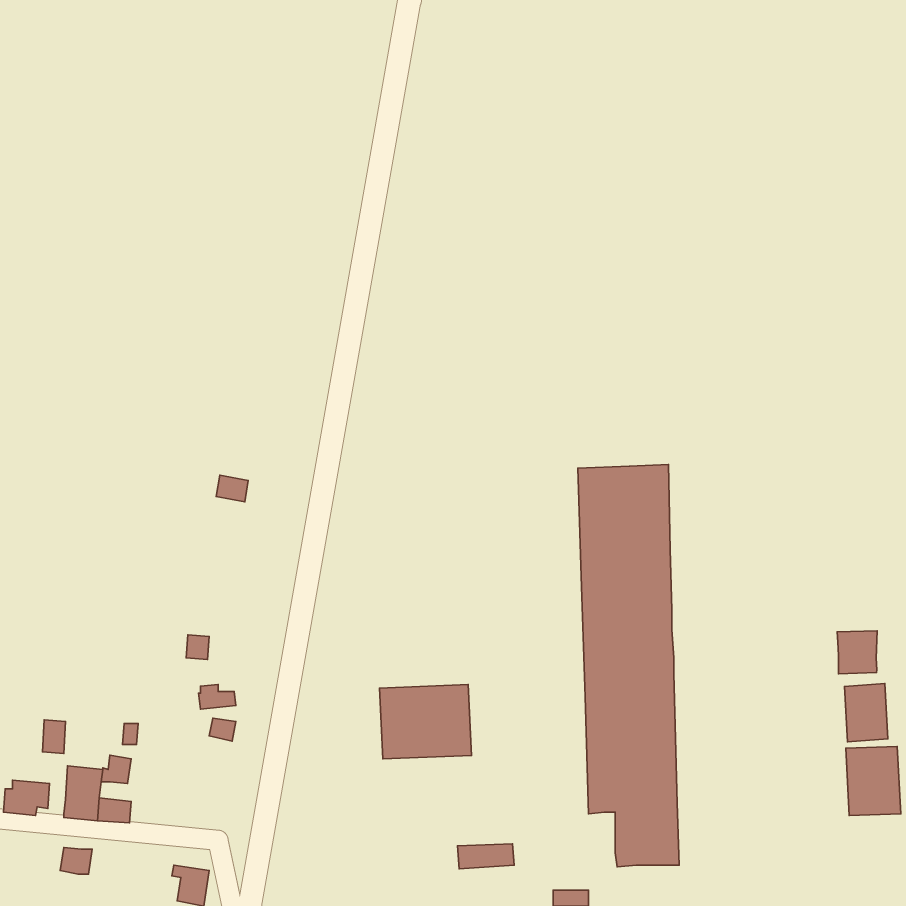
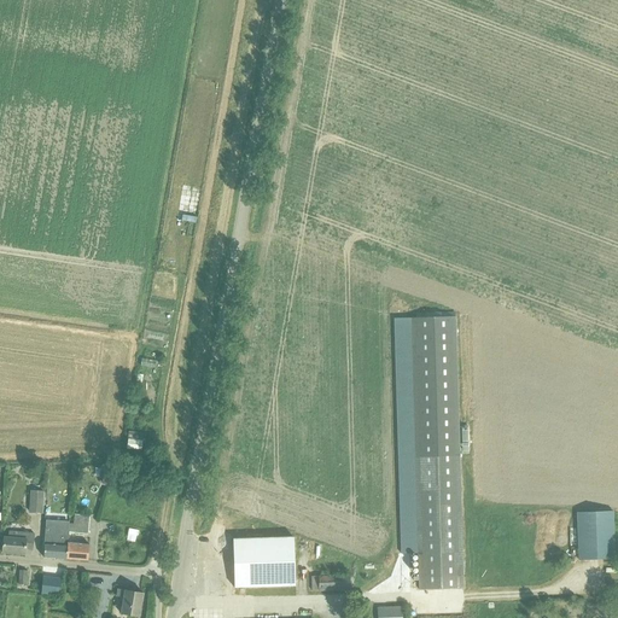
building: [837,631,877,674] -> none
building: [844,684,888,742] -> none
building: [379,685,472,759] -> [231,535,293,585]

